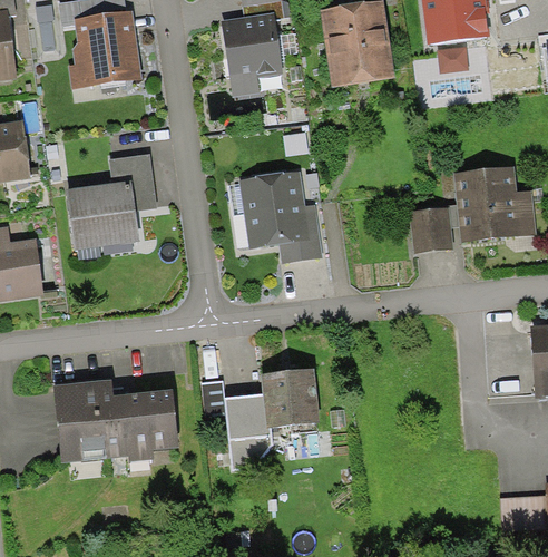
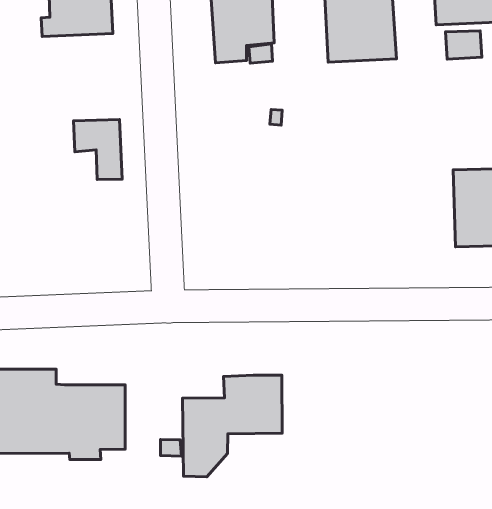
building: [238,169,323,262] -> none
building: [66,180,137,247] -> none
building: [409,206,451,250] -> none

